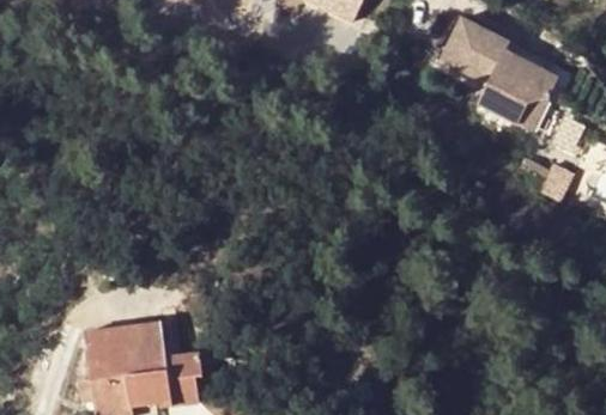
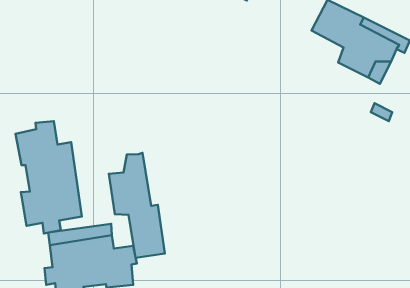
building: none -> [16,121,82,234]
building: none -> [109,153,165,258]

